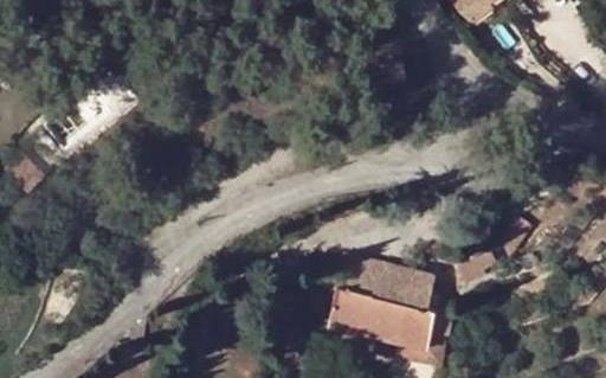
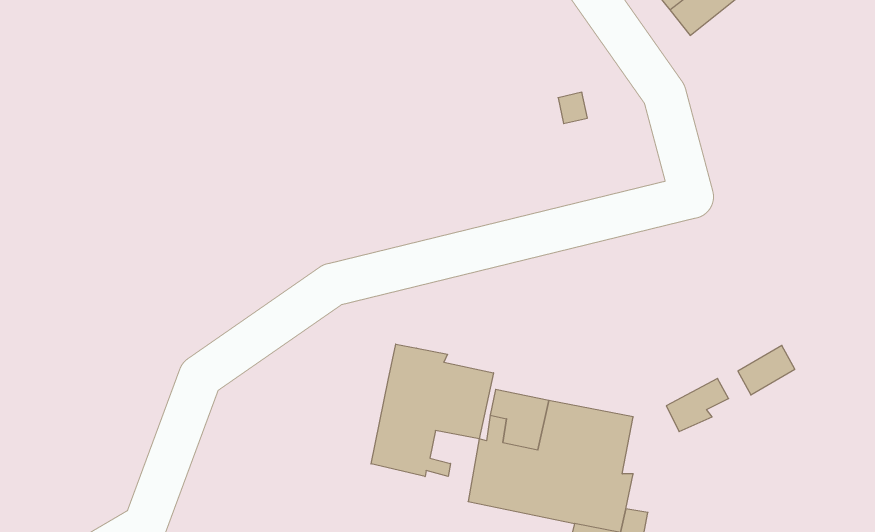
building: none -> [371,344,493,477]

